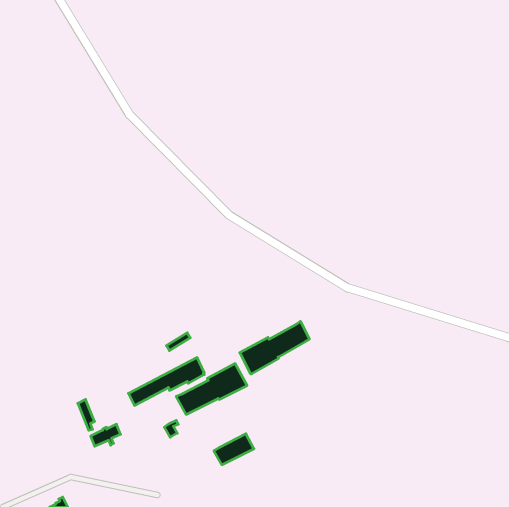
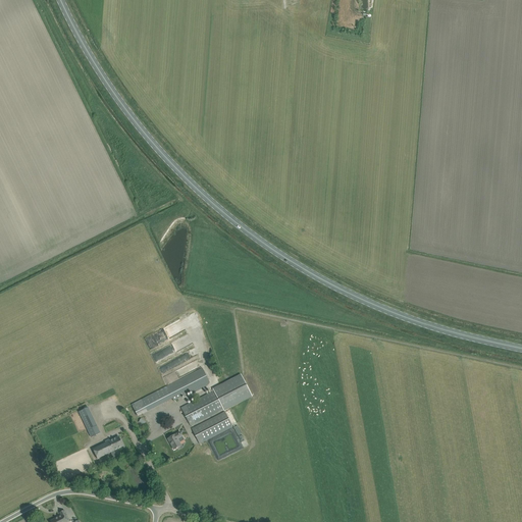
building: [240,321,309,374] -> none
building: [214,434,254,465] -> [192,410,232,441]

